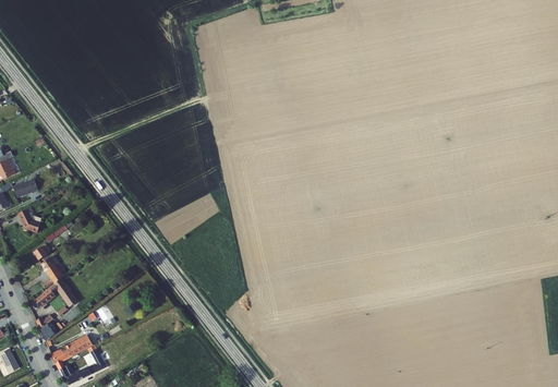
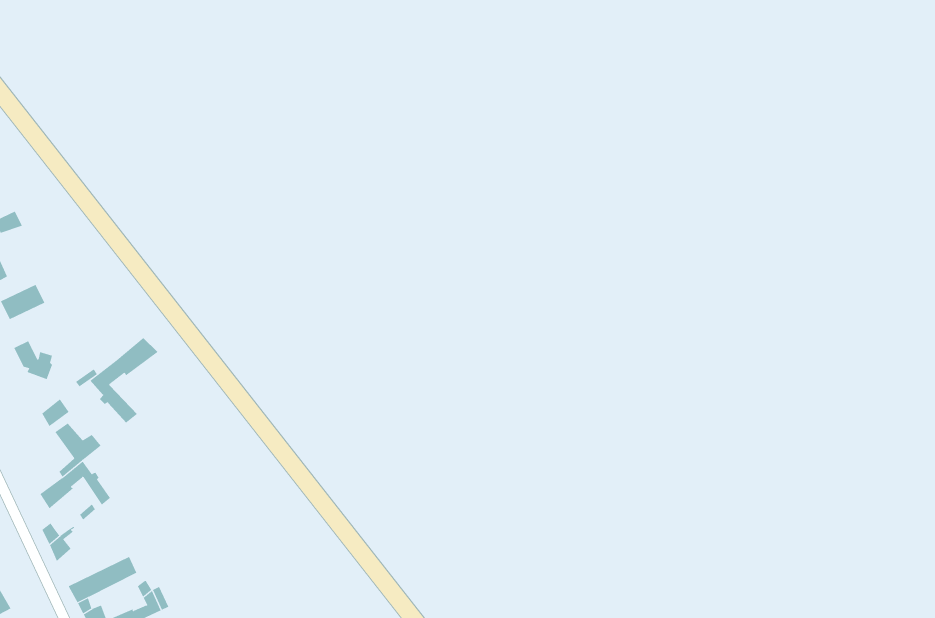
building: none -> [90,337,158,424]

